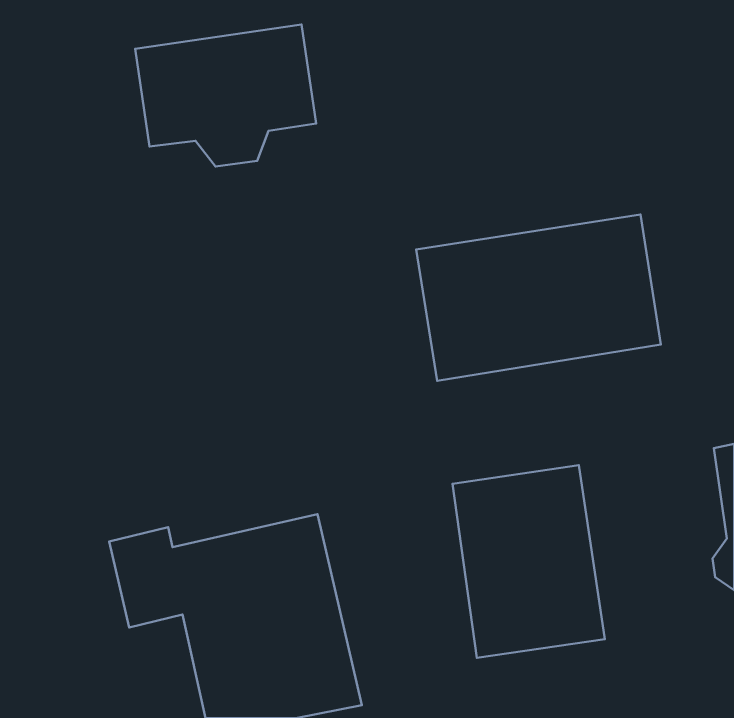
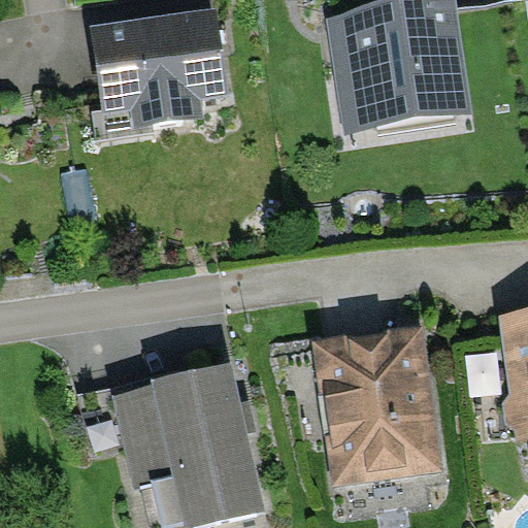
building: none -> [348,4,462,118]
building: [416,214,661,381] -> none

